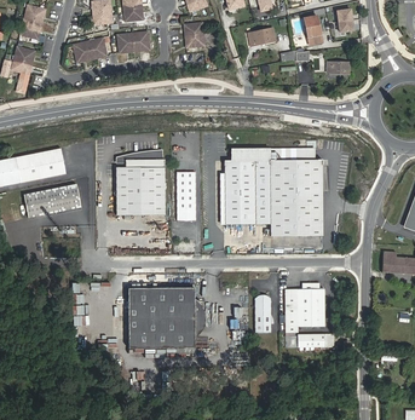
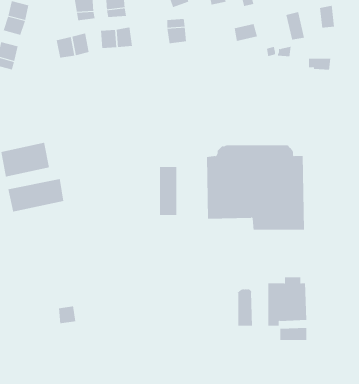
building: [116,154,165,214] -> none
building: [128,287,206,347] -> none

